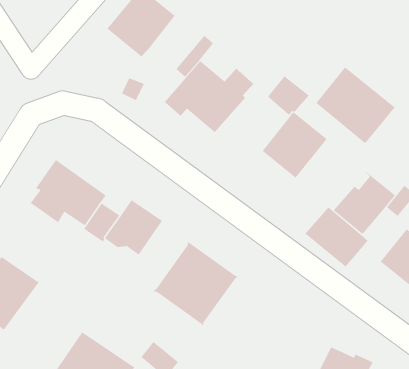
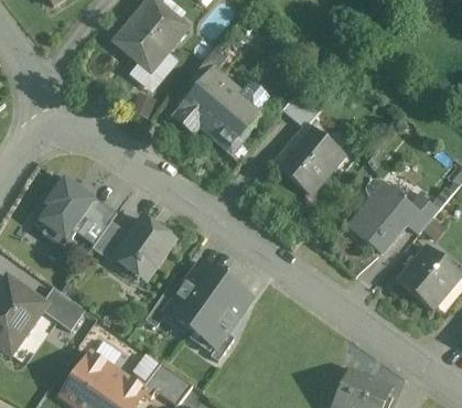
building: [316,66,395,144] -> none
building: [305,207,369,268] -> none
building: none -> [42,286,85,329]

